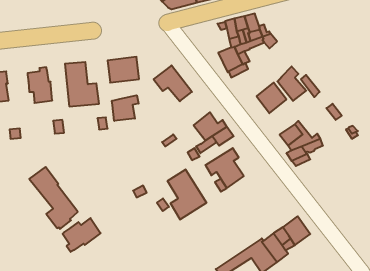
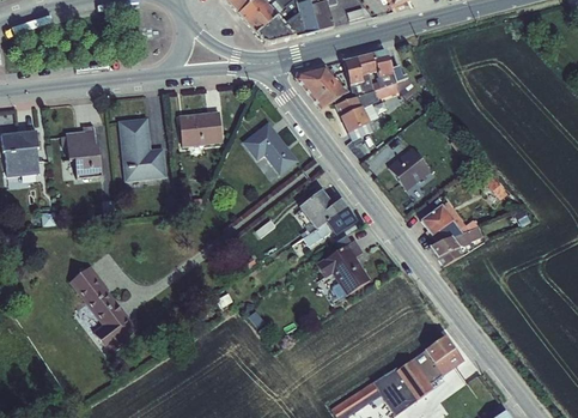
building: none -> [296,66,348,109]
building: [277,66,306,101] -> none
building: [112,95,139,121] -> none
building: [168,169,206,220] -> none
building: [63,218,101,252] -> none

